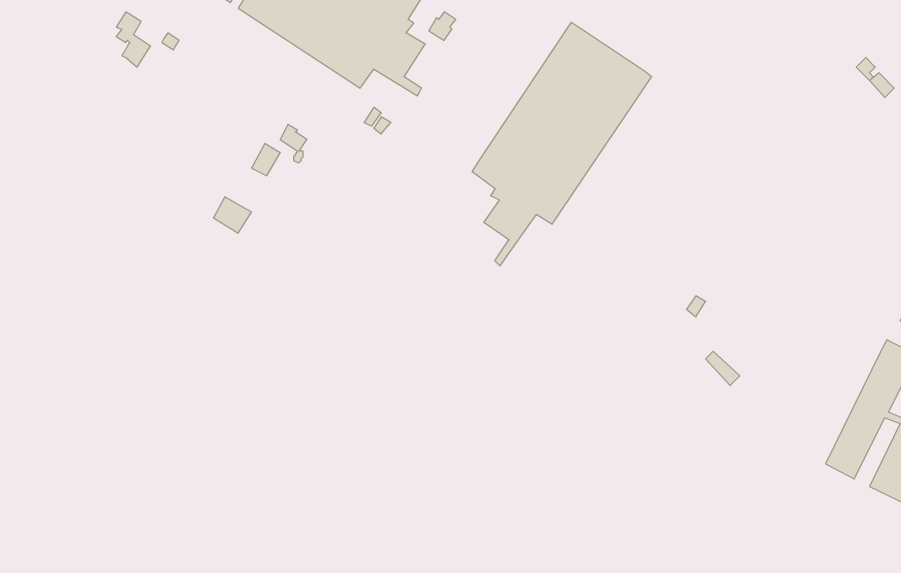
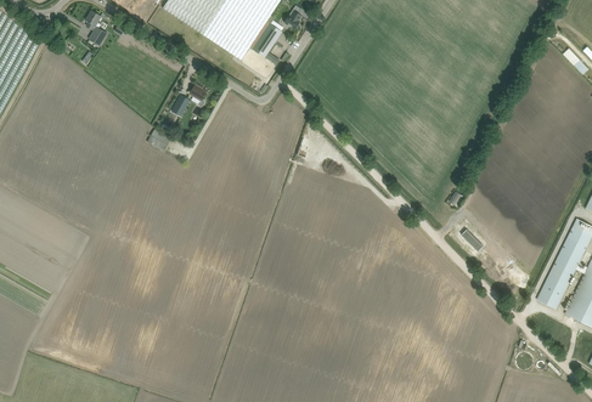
building: [472,22,652,266] -> none

